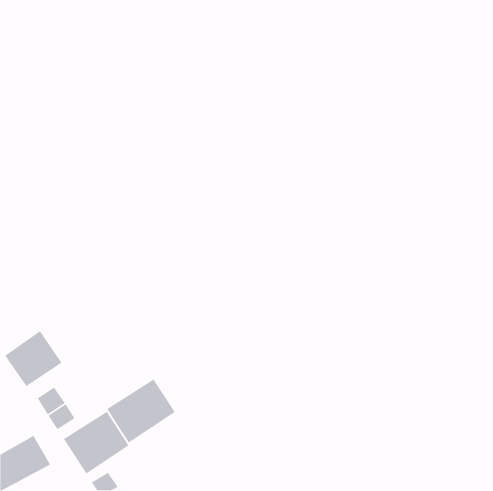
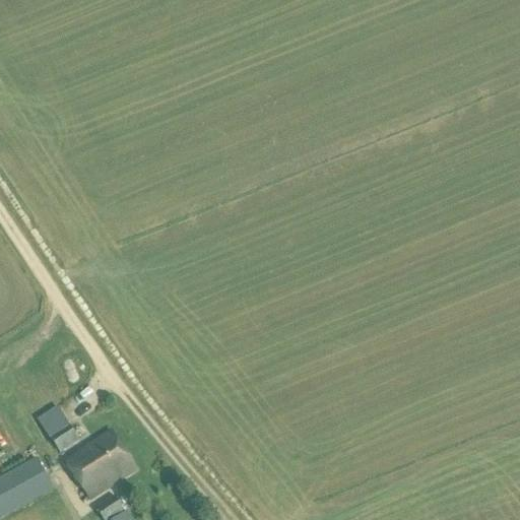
building: [4,330,63,387] -> none
building: [106,379,176,443] -> none

